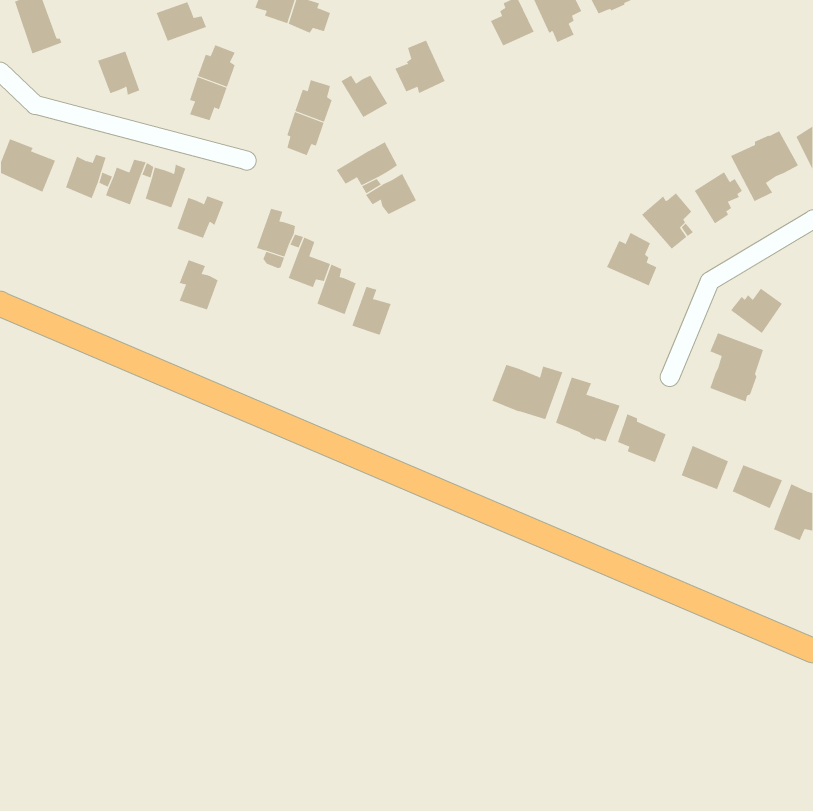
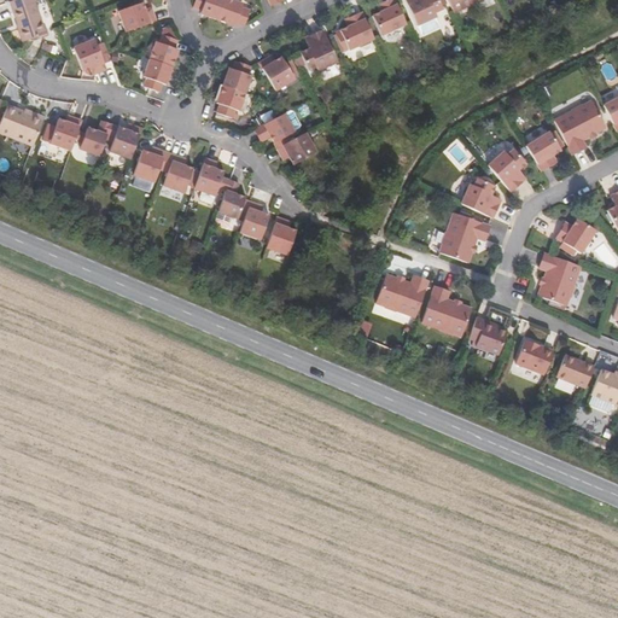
building: none -> [340,12,374,51]
building: [179,259,219,310] -> [163,153,193,192]
building: none -> [438,211,490,262]

